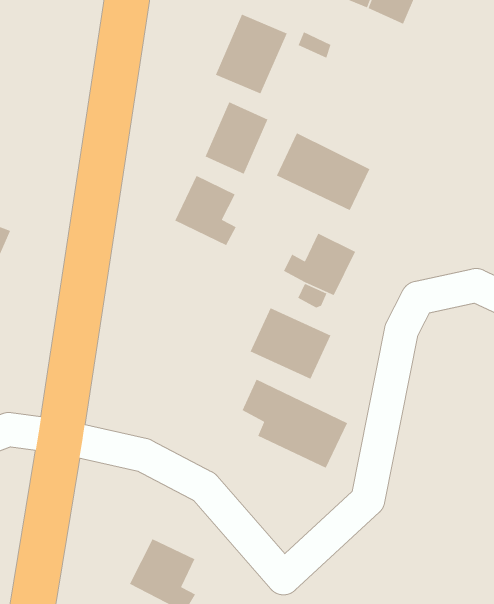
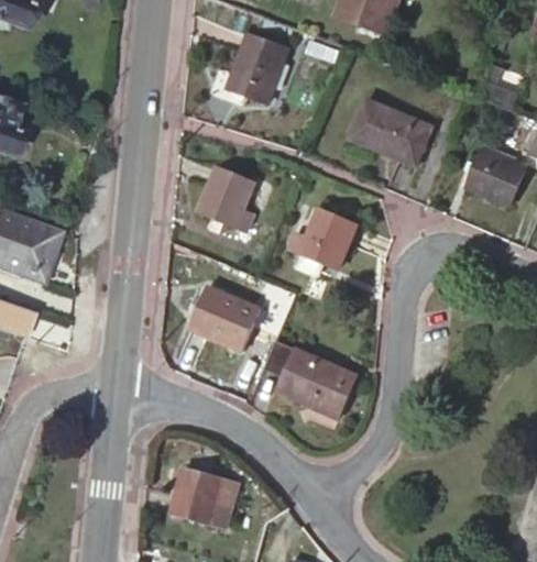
building: [205,101,269,175] -> none
building: [276,132,371,211] -> [351,100,430,164]
building: [249,307,332,380] -> [191,288,260,348]

